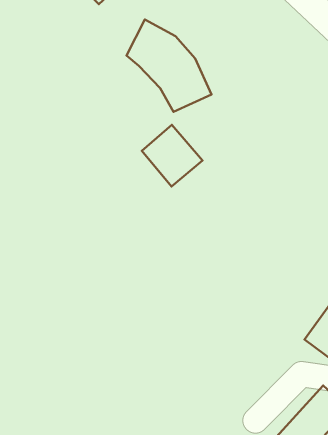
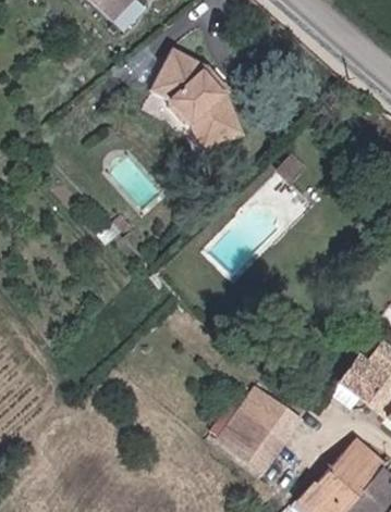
building: [142,125,203,187] -> none
building: none -> [224,385,306,470]

